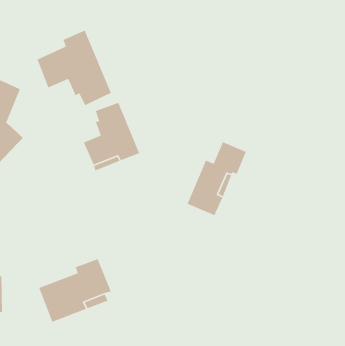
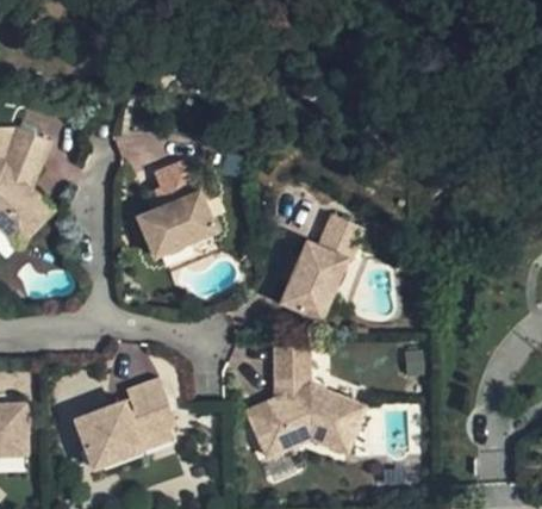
building: [36,29,112,106] -> none
building: none -> [245,349,363,458]

